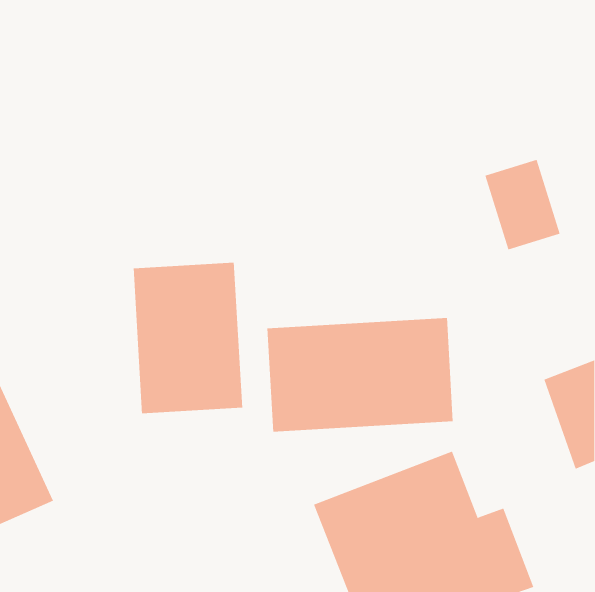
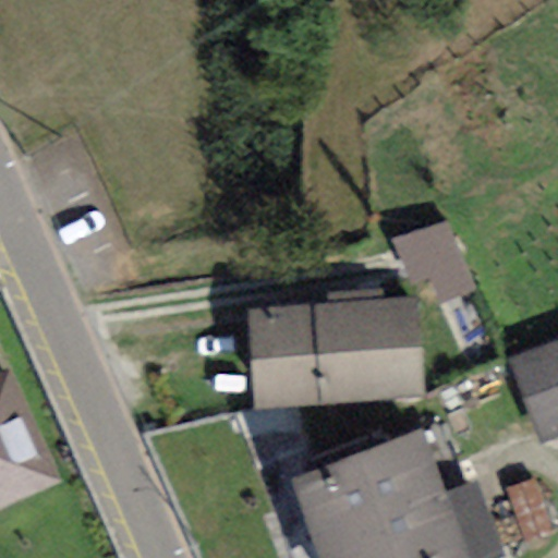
building: [485,159,561,250] -> [402,219,473,304]
building: [133,262,243,414] -> none

